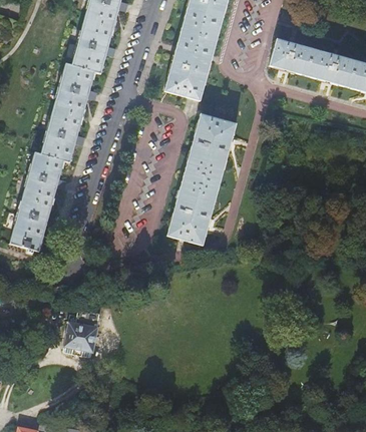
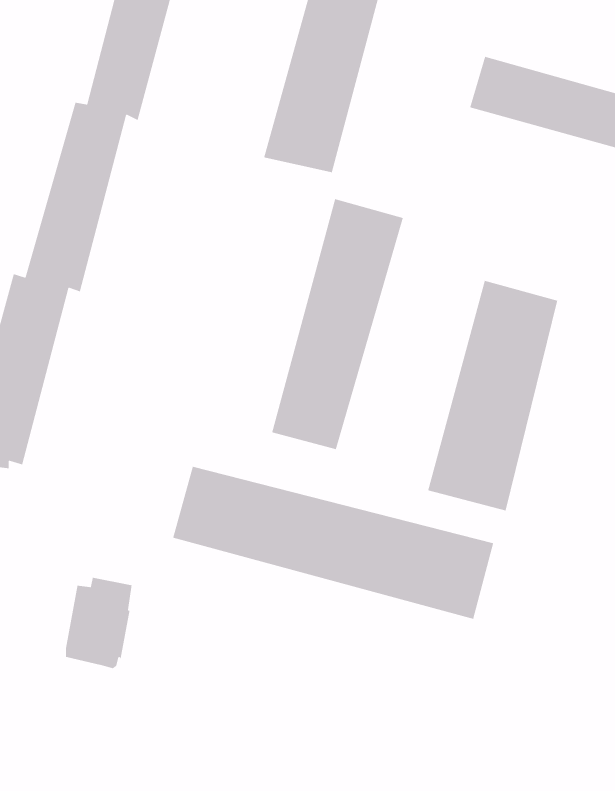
building: none -> [427,280,558,512]
building: none -> [172,466,494,620]

